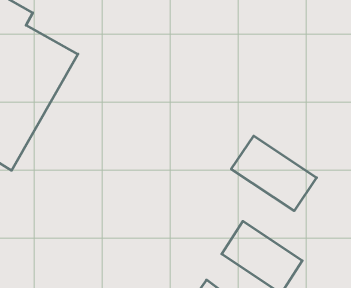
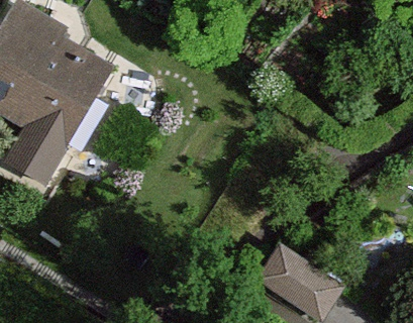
building: [231,136,317,211] -> none

